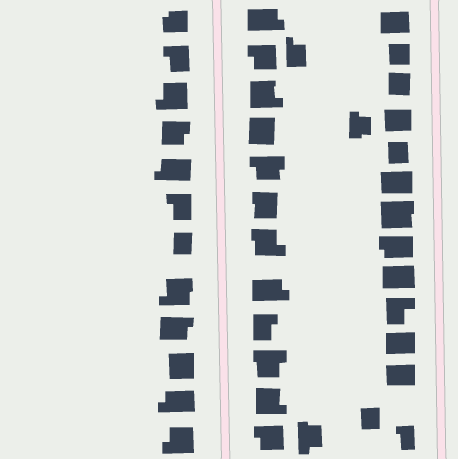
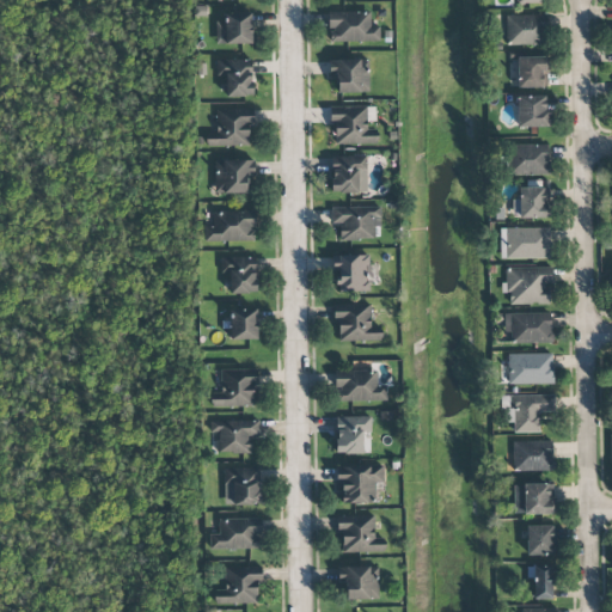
building: [285,36,307,68] -> none
building: [348,111,372,139] -> none
building: [360,407,381,430] -> [527,525,555,556]
building: [297,421,323,455] -> none

